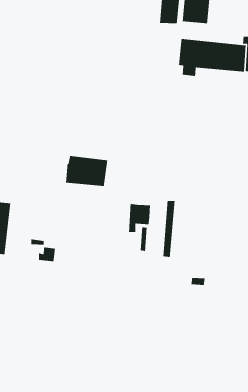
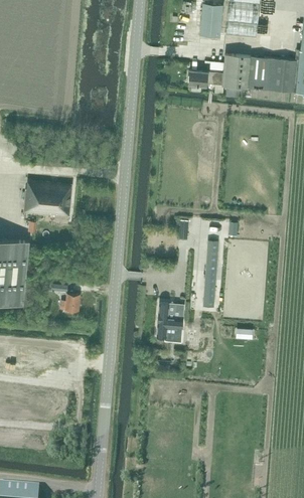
building: none -> [188,70,222,86]
building: [65,155,108,187] -> [23,180,72,216]
building: [128,203,151,234] -> [157,303,183,338]

